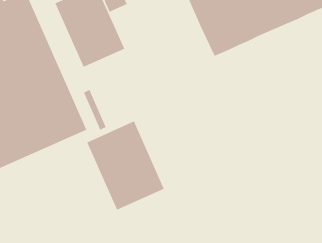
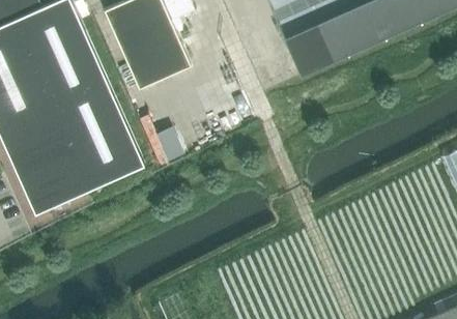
building: [86,121,164,211] -> none

